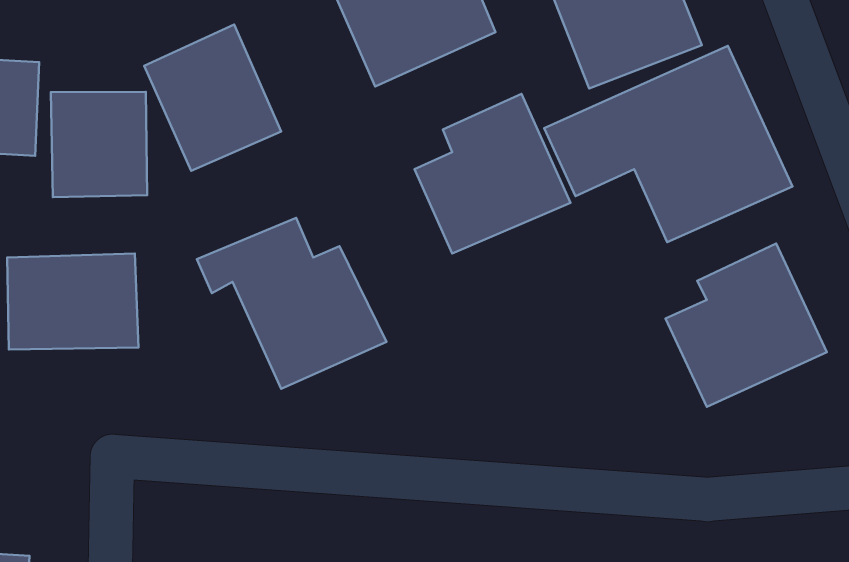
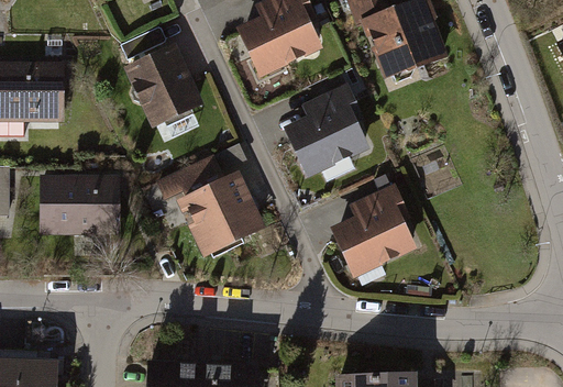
building: [544,46,792,242] -> none
building: [51,92,147,197] -> none
building: [665,243,827,407] -> [329,184,423,279]

